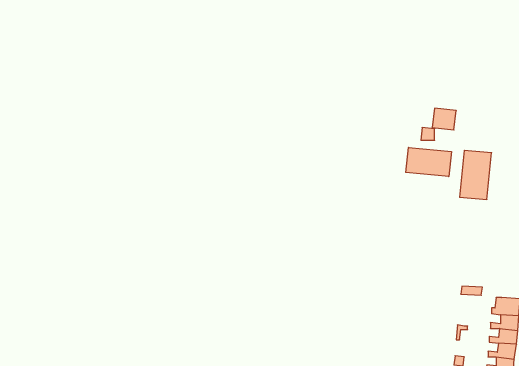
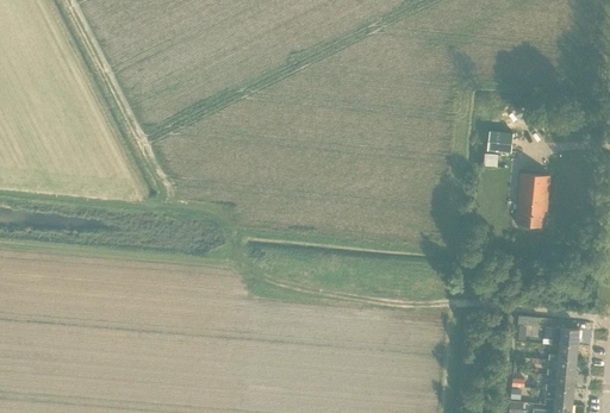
building: [406,147,451,177] -> none

